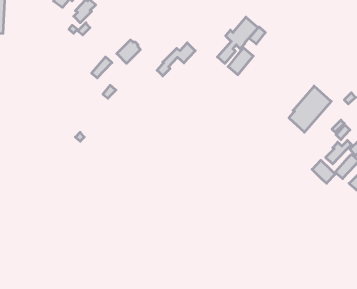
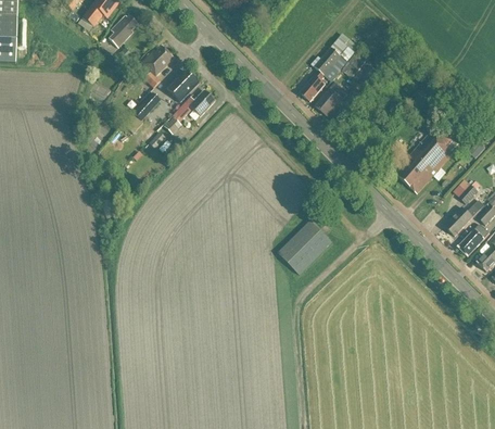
building: none -> [141,46,174,88]
building: [157,43,195,76] -> [165,89,216,134]
building: none -> [279,219,333,274]
building: [312,160,335,183] -> none

